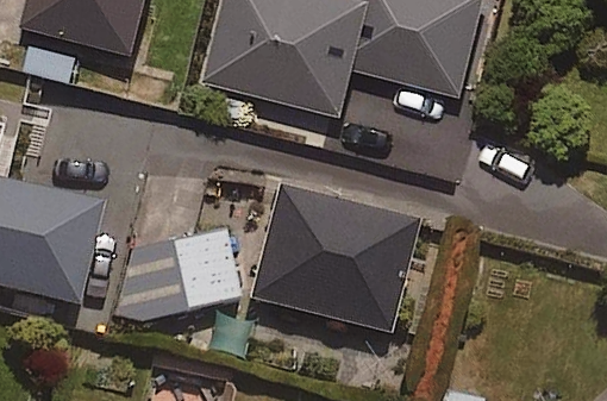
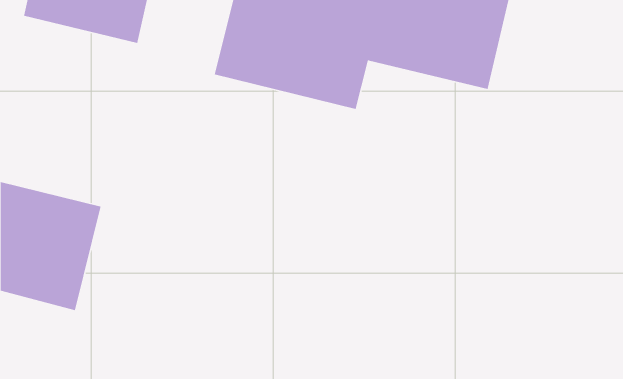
building: [251,187,414,330] -> none
building: [115,230,238,321] -> none

